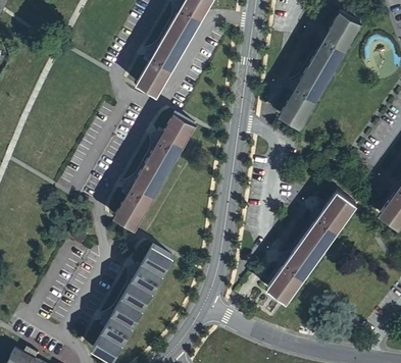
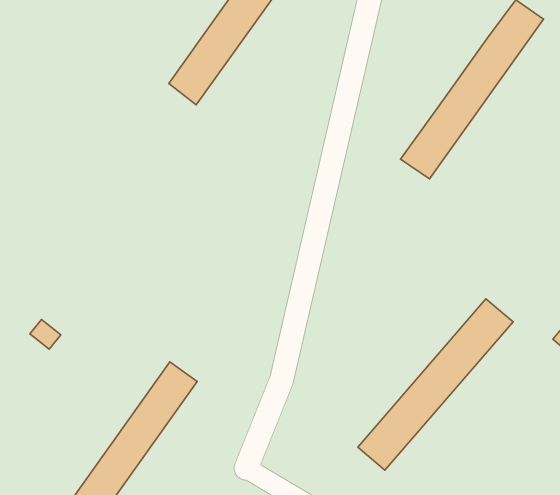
building: [115,115,194,226] -> none

